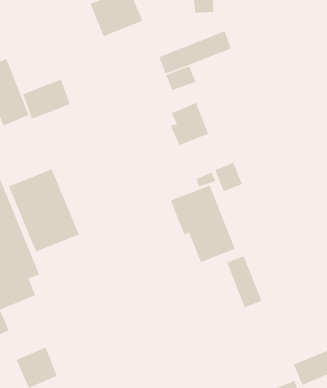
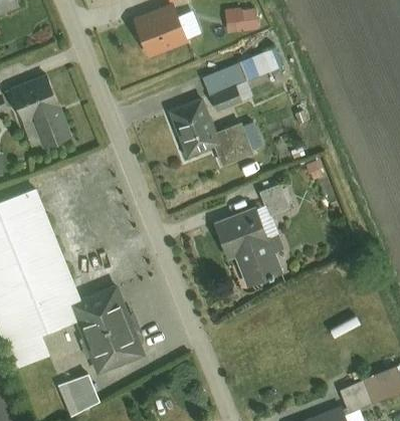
building: none -> [168,98,220,158]
building: [22,79,71,120] -> none
building: [8,168,80,253] -> [70,285,144,372]
building: [226,255,262,308] -> none

